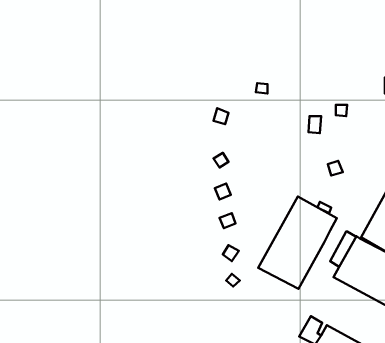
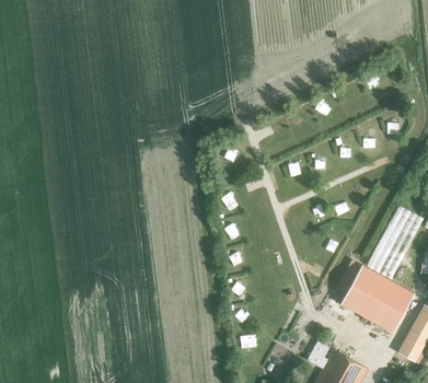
building: [258,197,337,289] -> none

